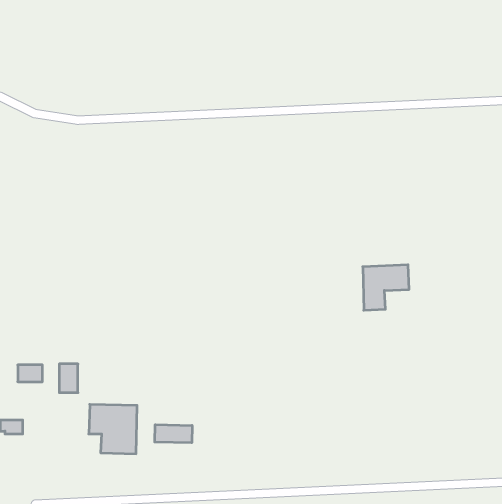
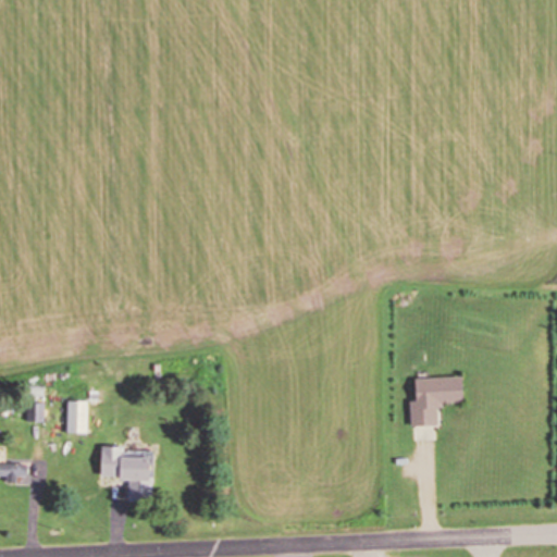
building: [363,265,409,310] -> [411,376,462,426]
building: [155,425,192,443] -> none

